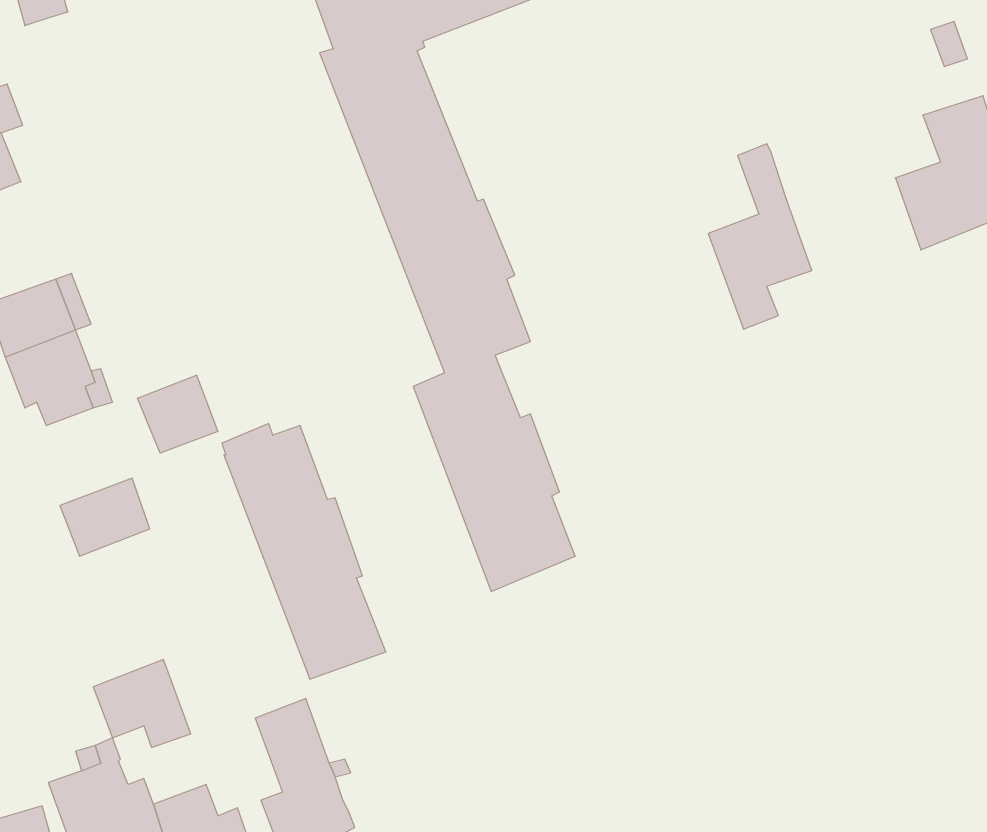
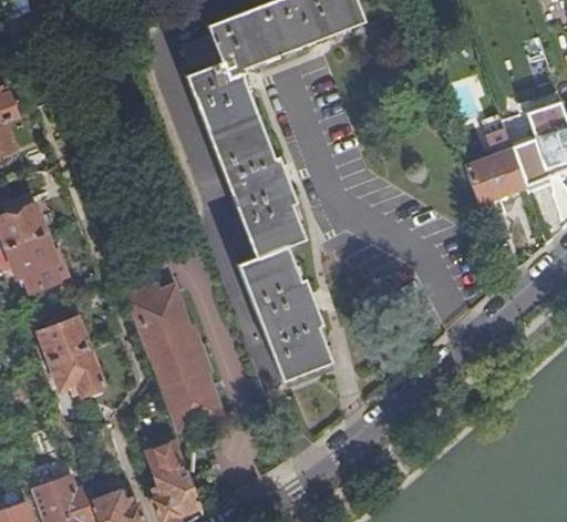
building: [708,144,812,329] -> [467,115,526,221]
building: [138,375,218,453] -> none
building: [93,660,191,747] -> [49,346,104,396]

